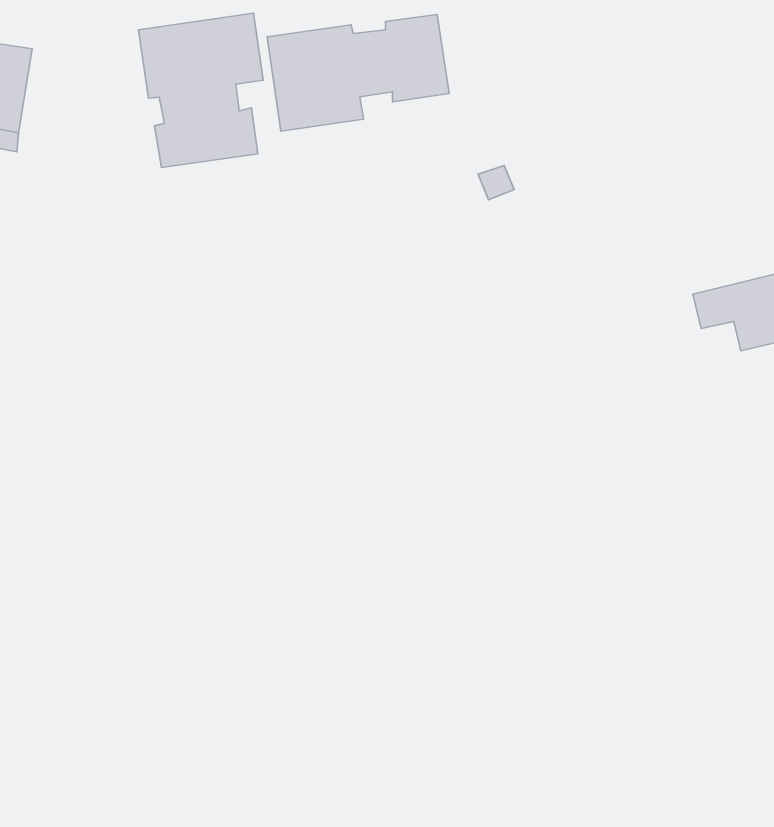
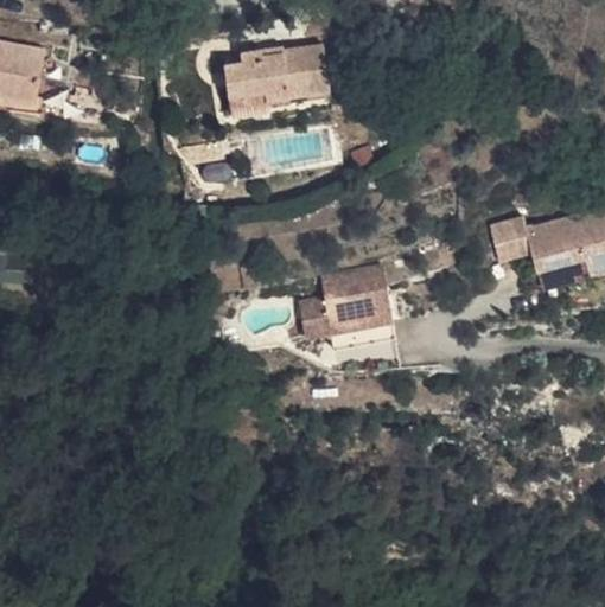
building: [138,13,263,168] -> none
building: none -> [301,262,395,346]

